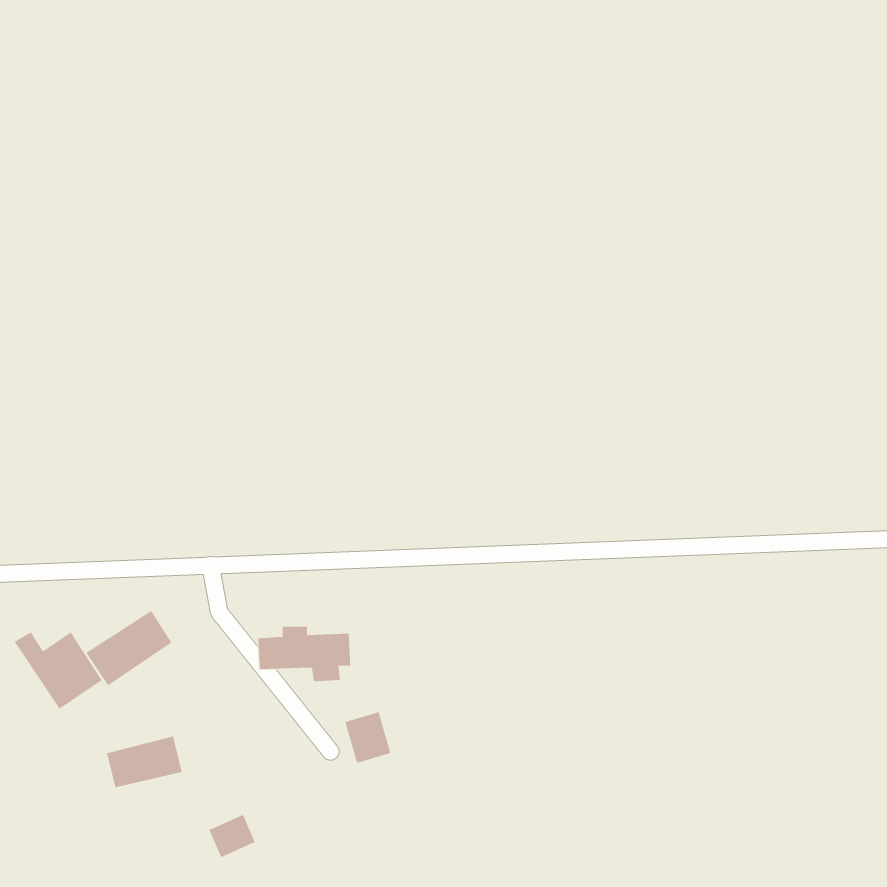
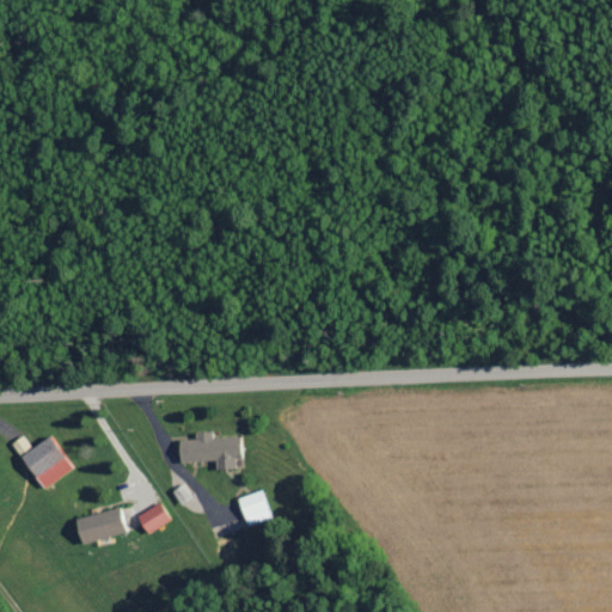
building: [86,610,172,686] -> none
building: [209,814,256,858] -> [137,503,170,533]

